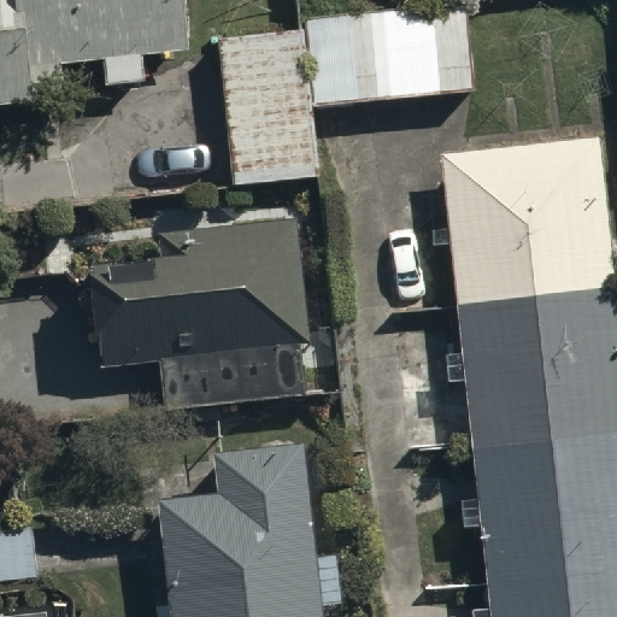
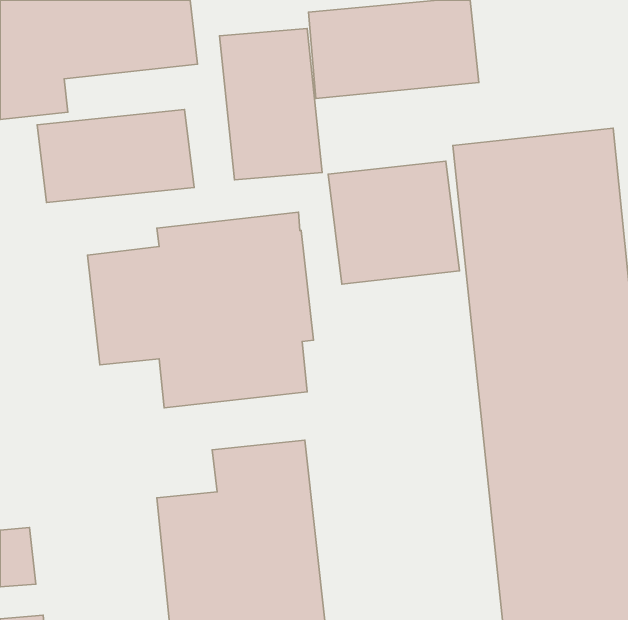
building: none -> [37,110,194,203]
building: none -> [328,161,460,284]

